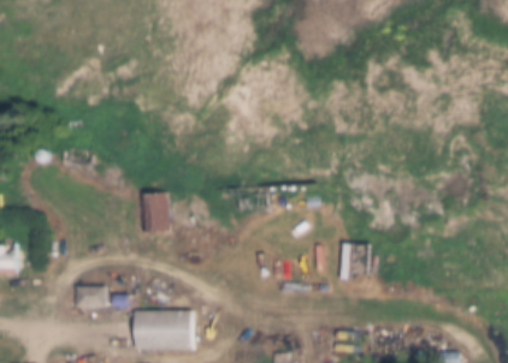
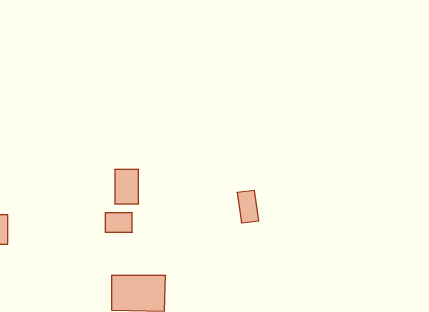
building: [343,243,367,279] -> [237,190,259,223]
building: [75,286,105,308] -> [105,213,132,232]

